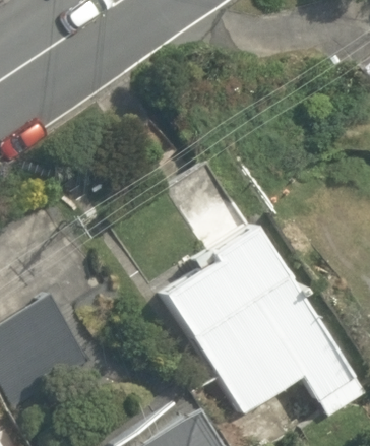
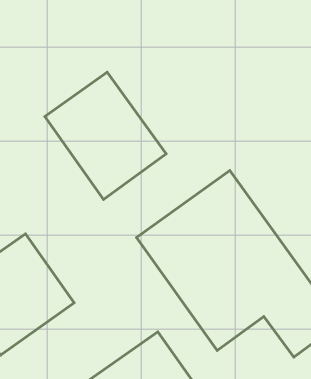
building: none -> [45,72,166,199]

